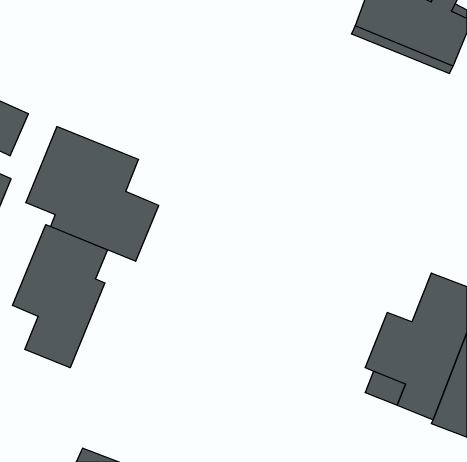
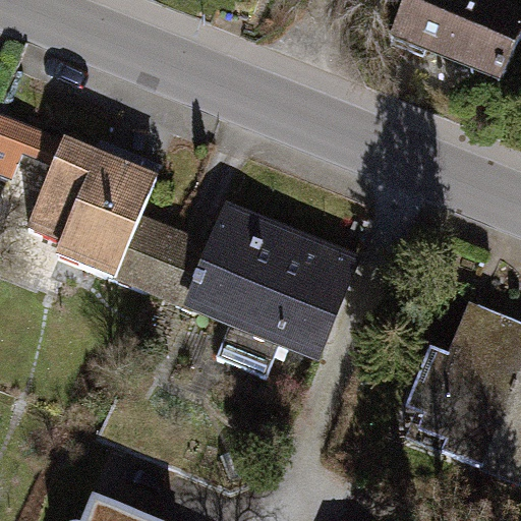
building: none -> [151,207,355,373]
building: [13,225,107,368] -> none

